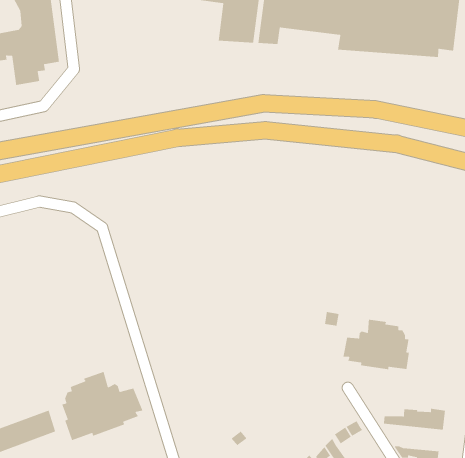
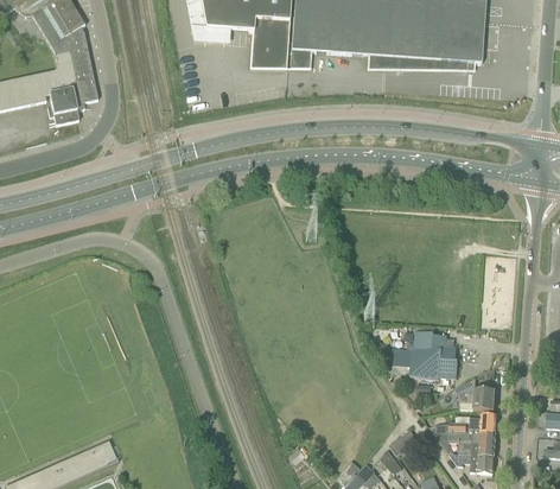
building: [61,371,143,441] -> none
building: none -> [454,376,495,409]
building: none -> [433,430,496,453]

